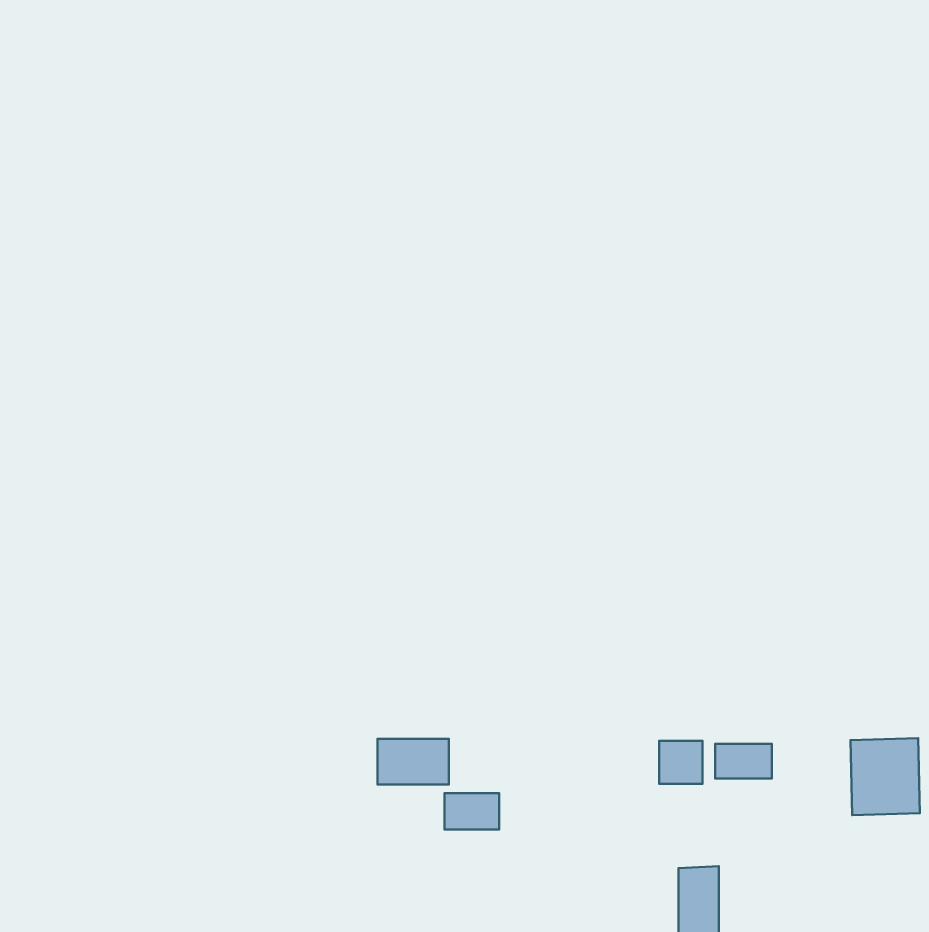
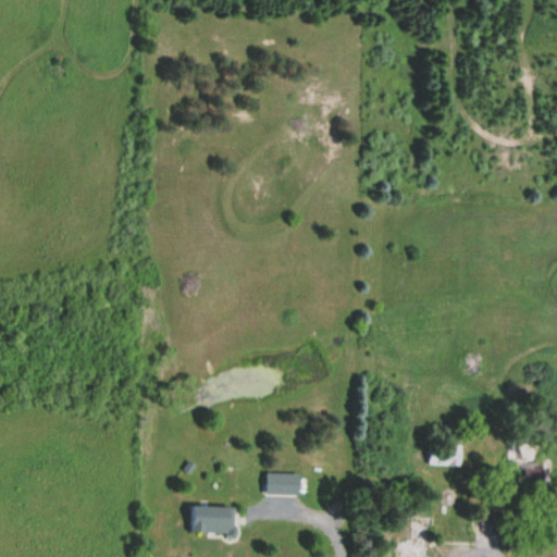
building: [377,739,449,785] -> [191,507,234,534]
building: [659,741,702,784] -> none

